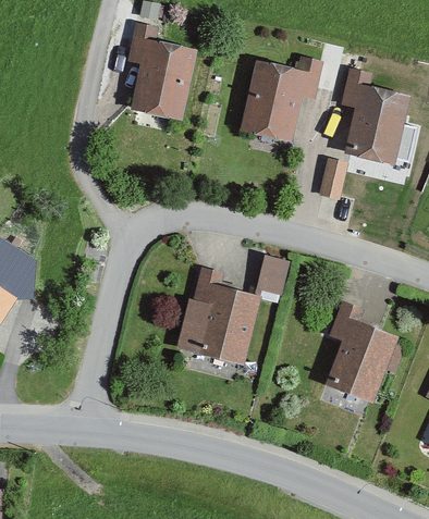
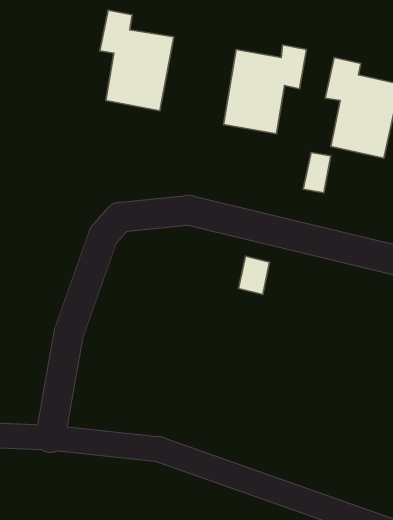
building: [175,267,260,364] -> none
building: [328,302,399,401] -> none

